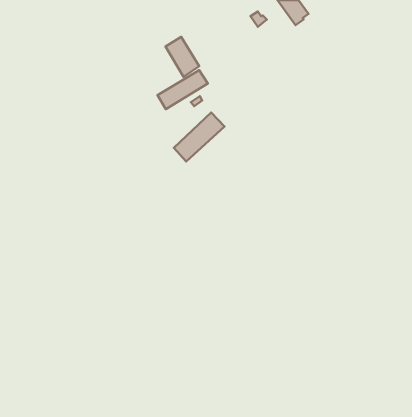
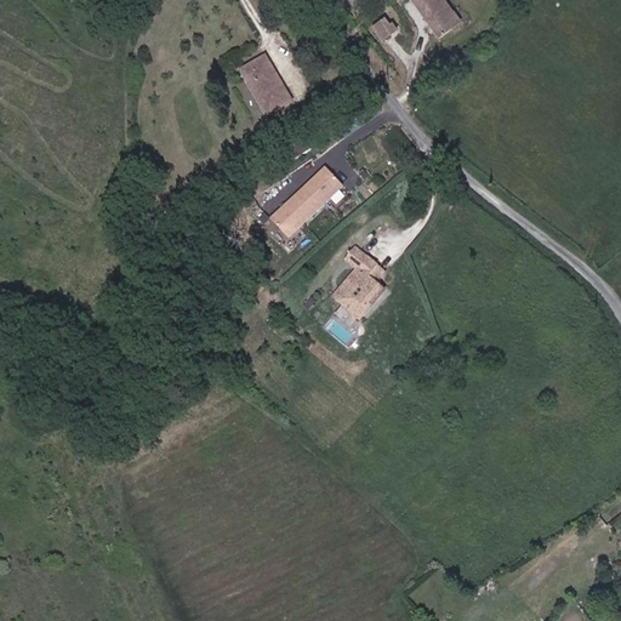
building: [157,70,208,109] -> none
building: none -> [331,249,384,317]

